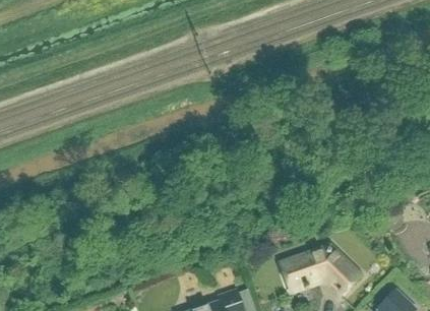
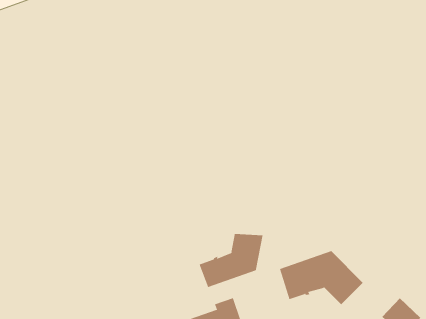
building: none -> [199,233,263,288]

